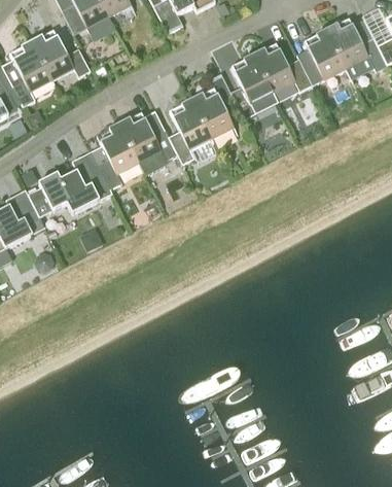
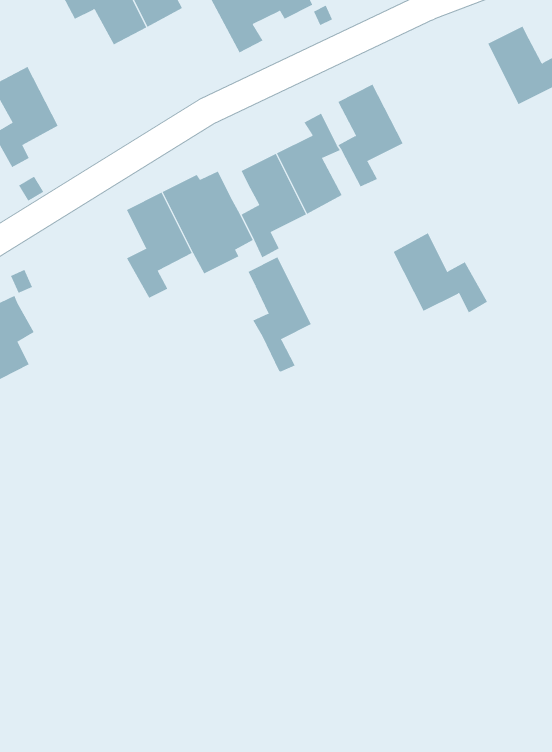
building: [304,29,346,79] -> none
building: [33,32,90,81] -> none
building: [253,42,314,94] -> [393,233,488,313]
building: [27,155,99,217] -> none
building: none -> [248,257,312,373]

